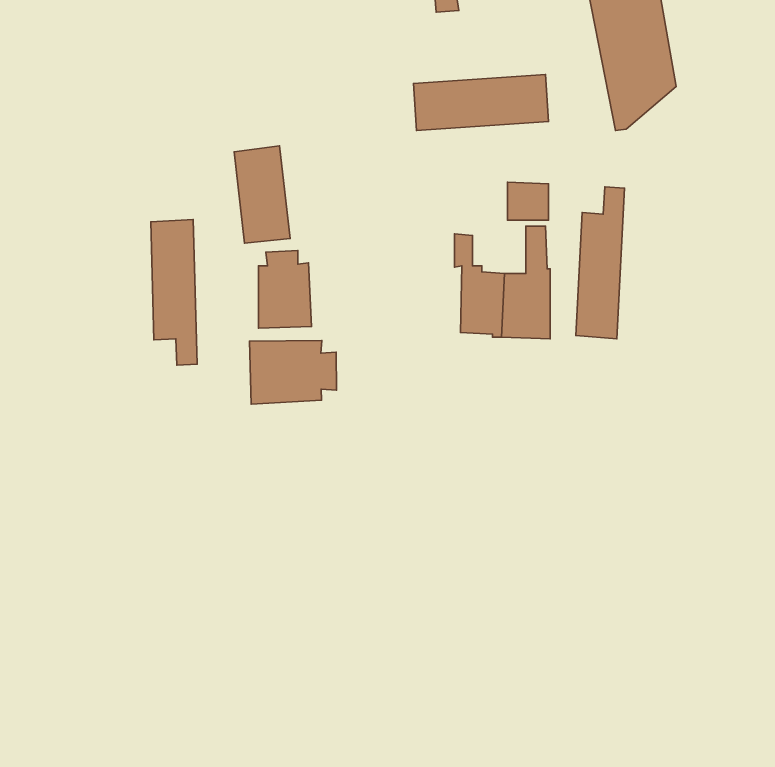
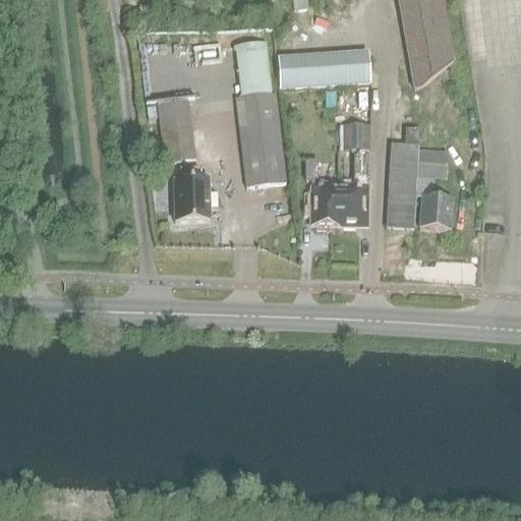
building: none -> [233,40,287,185]
building: [151,220,197,365] -> none
building: none -> [416,148,454,229]
building: [249,340,337,404] -> none

